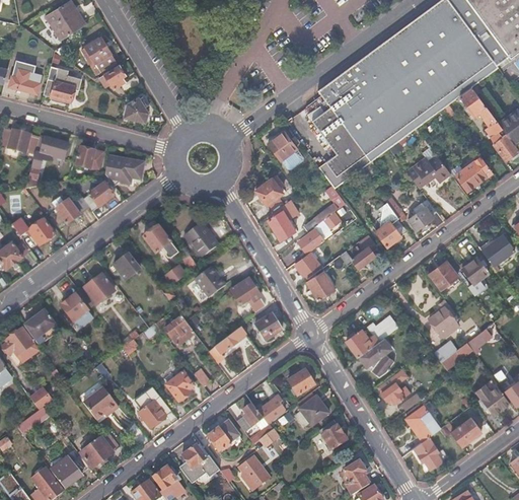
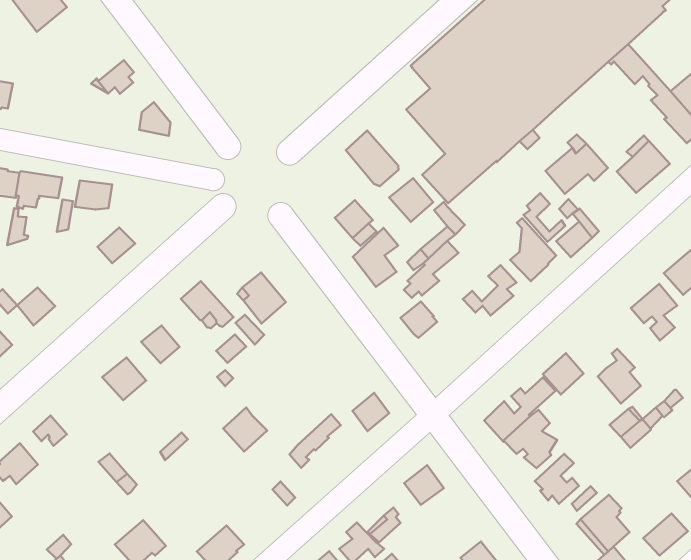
building: [82,37,118,74] -> none
building: [43,69,81,102] -> none
building: [103,156,143,188] -> none
building: none -> [389,178,433,222]
building: [54,196,89,225] -> none
building: [307,257,340,300] -> none
building: [429,261,457,289] -> [543,353,584,394]
building: [194,267,224,298] -> none
building: [230,277,265,311] -> none
building: [60,295,93,330] -> none
building: [165,372,194,402] -> none
building: [298,396,328,426] -> none

